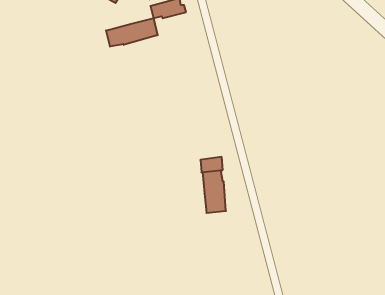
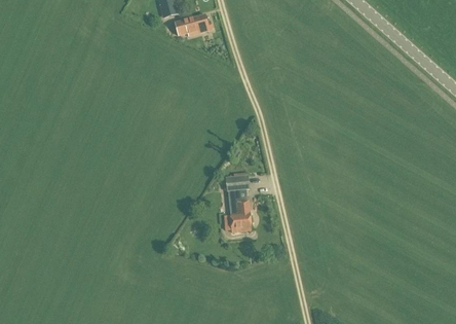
building: [106,18,158,47] -> none

